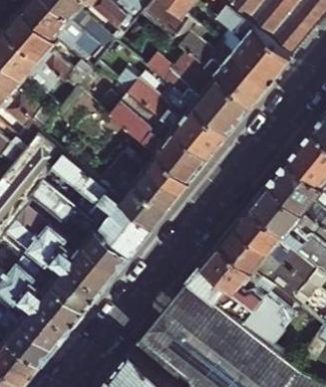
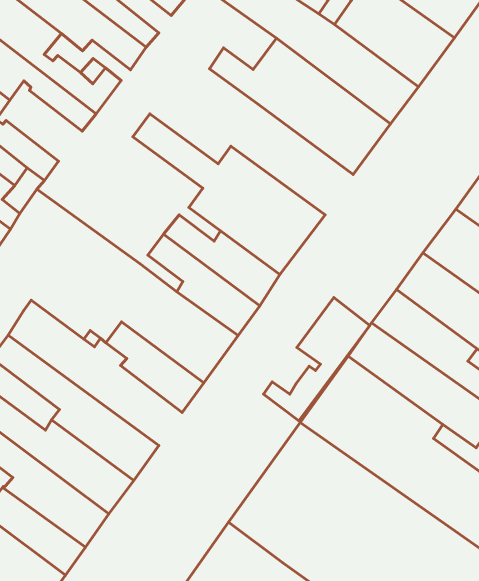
building: [117,70,228,157] -> none
building: [16,204,117,289] -> none
building: none -> [264,297,370,421]

